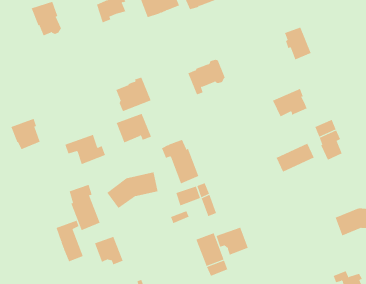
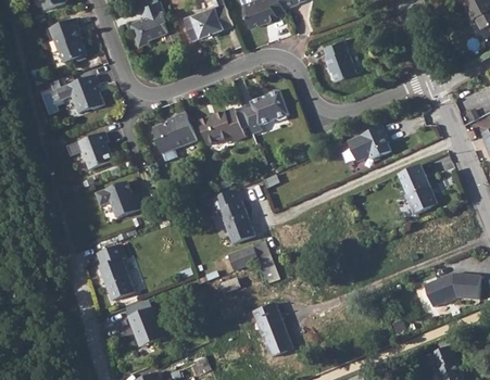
building: [284,27,311,60] -> [323,39,356,80]
building: none -> [58,75,104,112]
building: [116,113,152,143] -> [199,109,243,145]
building: [11,118,40,150] -> [75,132,112,172]
building: [276,143,315,172] -> none
building: [106,172,158,209] -> none
building: [56,220,83,262] -> none
building: [216,227,249,255] -> none

